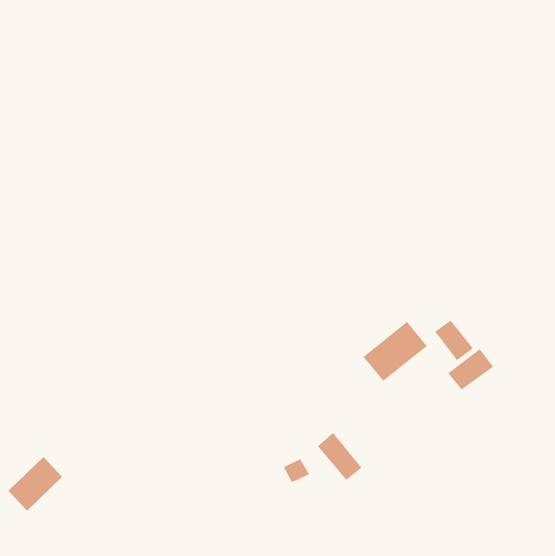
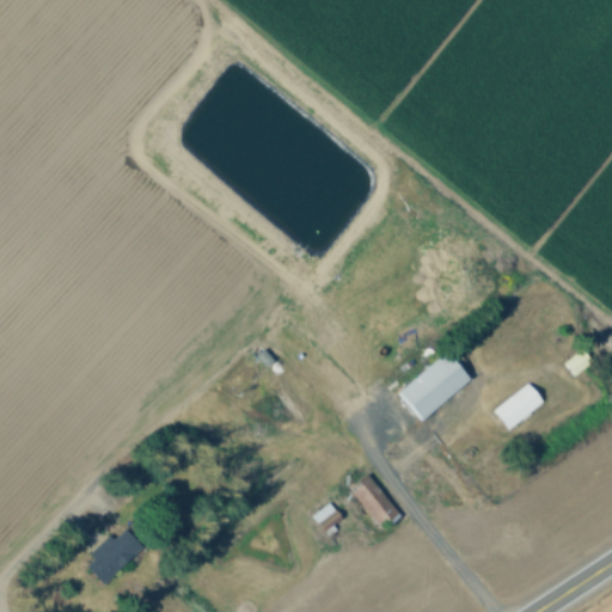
building: [434,320,474,361] -> none
building: [7,456,63,512] -> [81,525,142,586]

